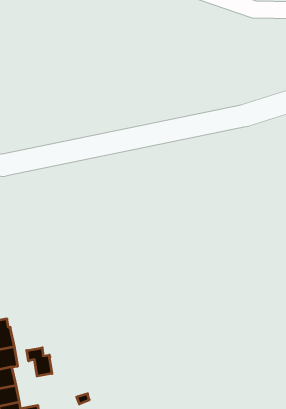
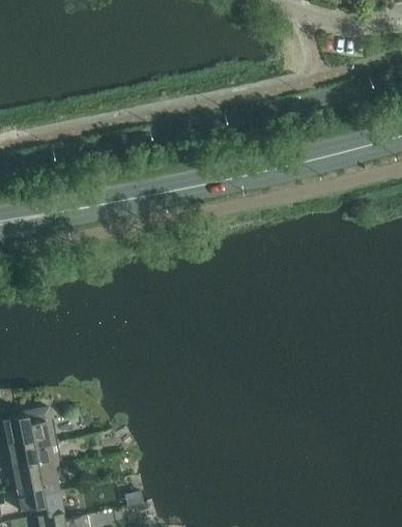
building: [27,348,52,376] -> none

